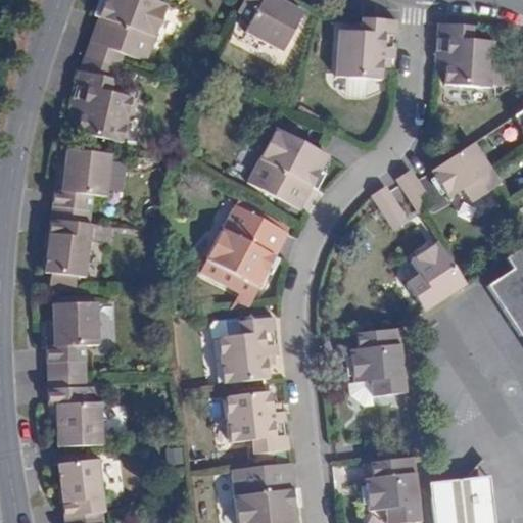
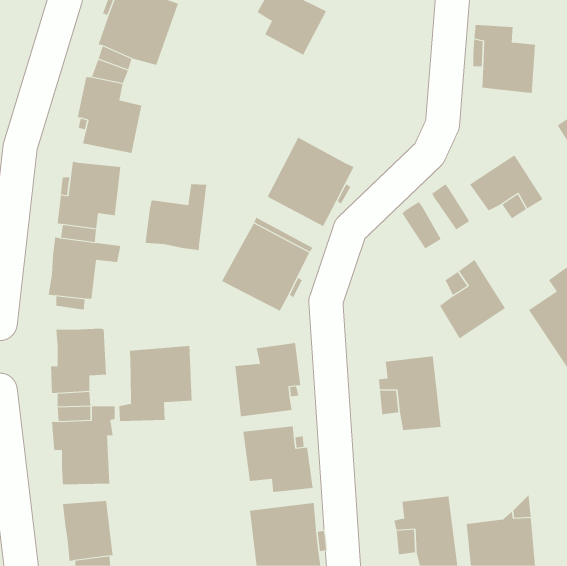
building: [335,16,397,79] -> none
building: none -> [145,184,207,251]
building: none -> [119,345,192,422]

